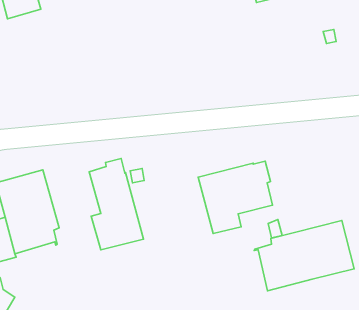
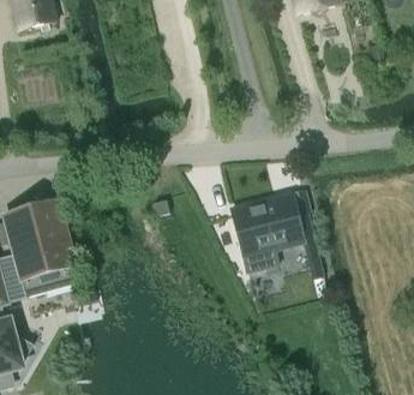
building: [89,159,144,250] -> none
building: [254,221,354,291] -> none

